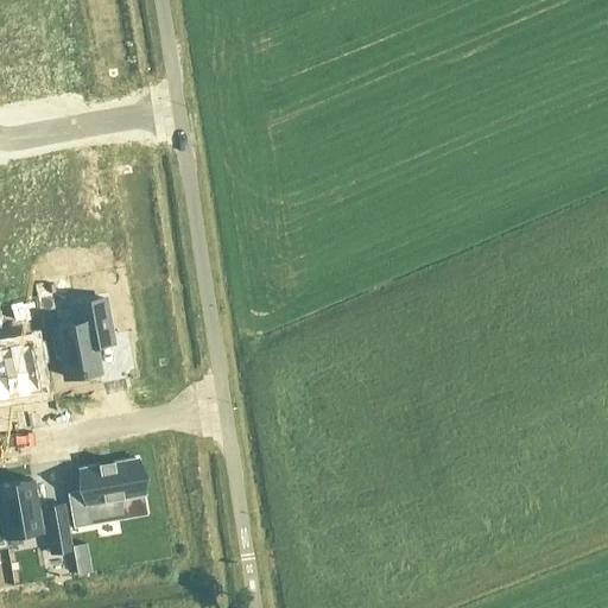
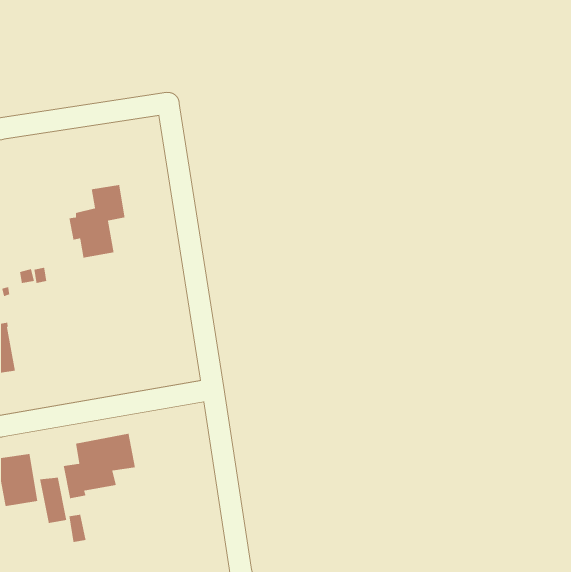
building: [52,300,113,379] -> [68,184,126,258]
building: [11,342,51,394] -> none

